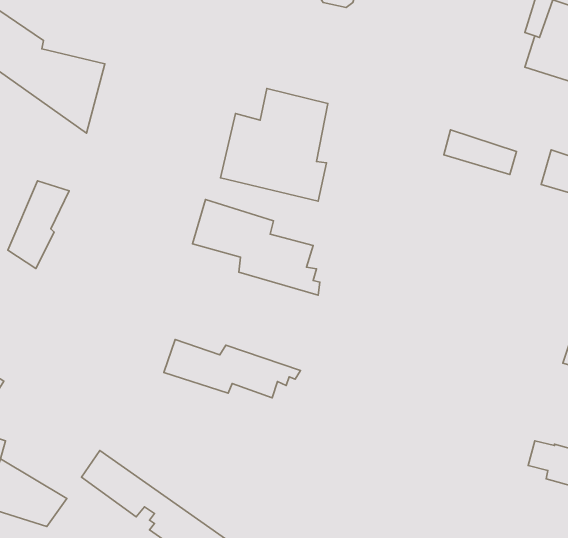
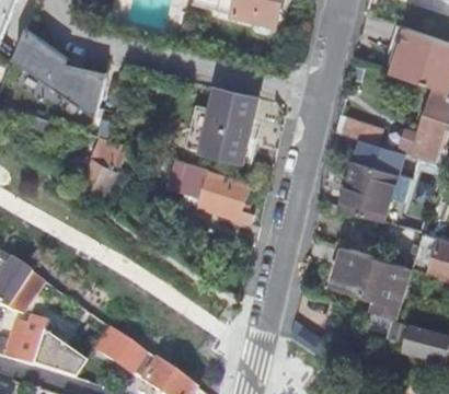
building: [8,181,69,268] -> [84,138,125,196]
building: none -> [338,158,395,219]
building: none -> [336,247,411,317]
building: [164,339,300,398] -> none

